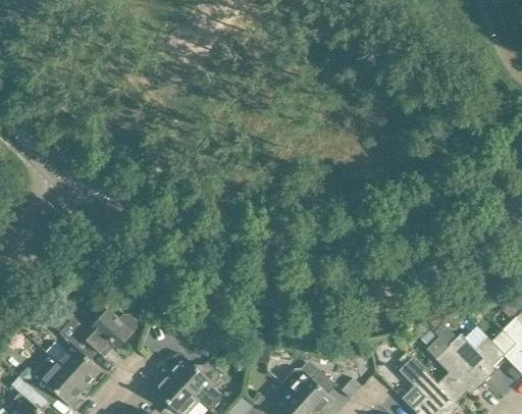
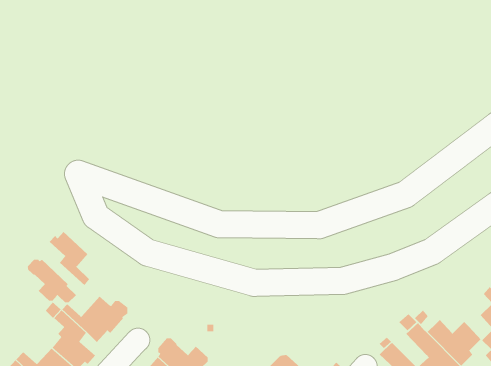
building: none -> [49,231,90,286]
building: none -> [27,259,77,303]

